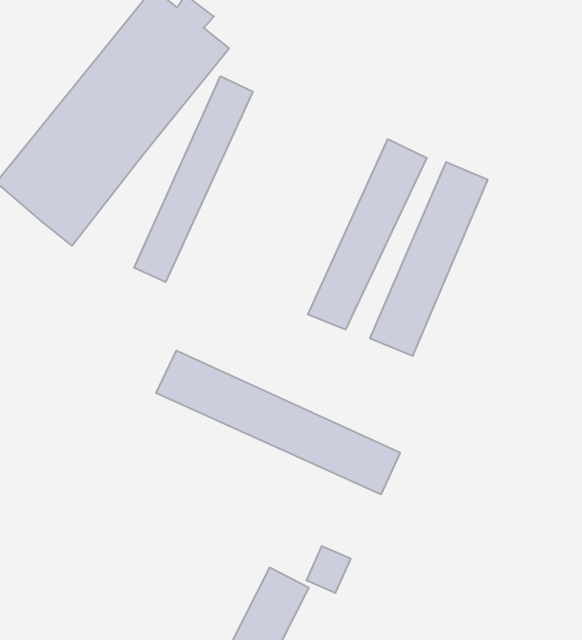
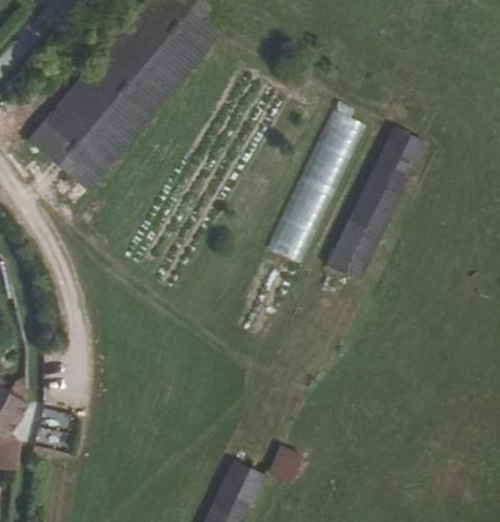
building: [134,76,253,282] -> none
building: [156,351,400,494] -> none

